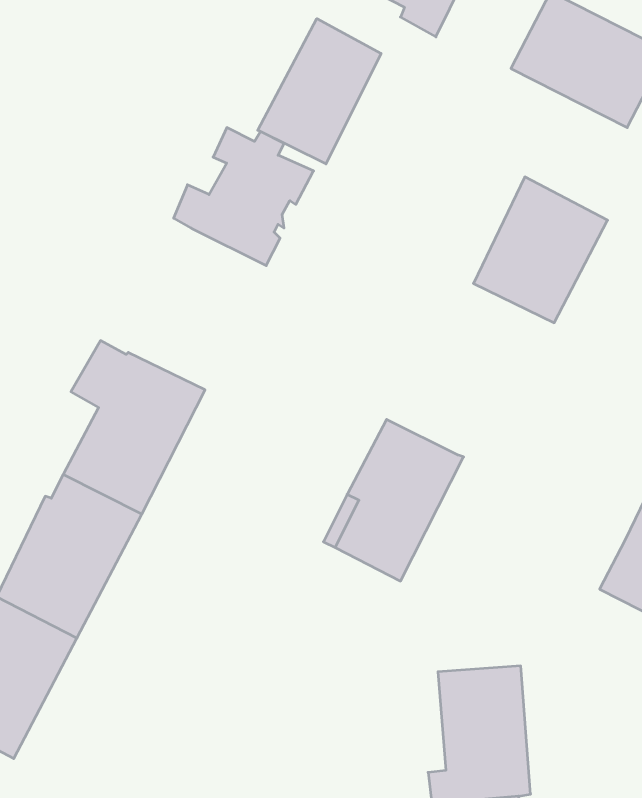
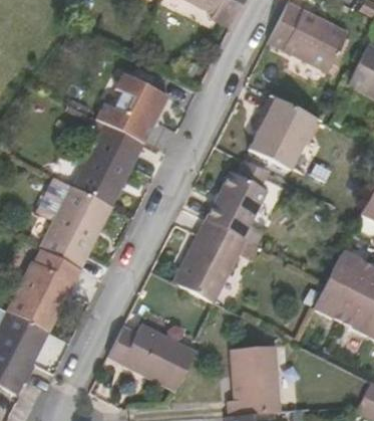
building: [258,19,381,164] -> none
building: none -> [74,123,144,205]
building: none -> [206,158,275,238]
building: none -> [107,326,195,392]

